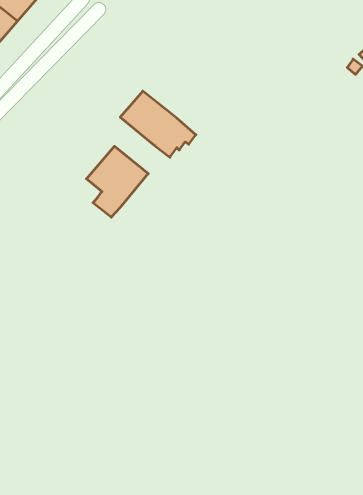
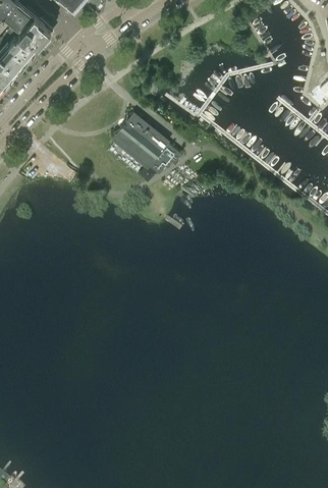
building: [86,146,148,217] -> none

